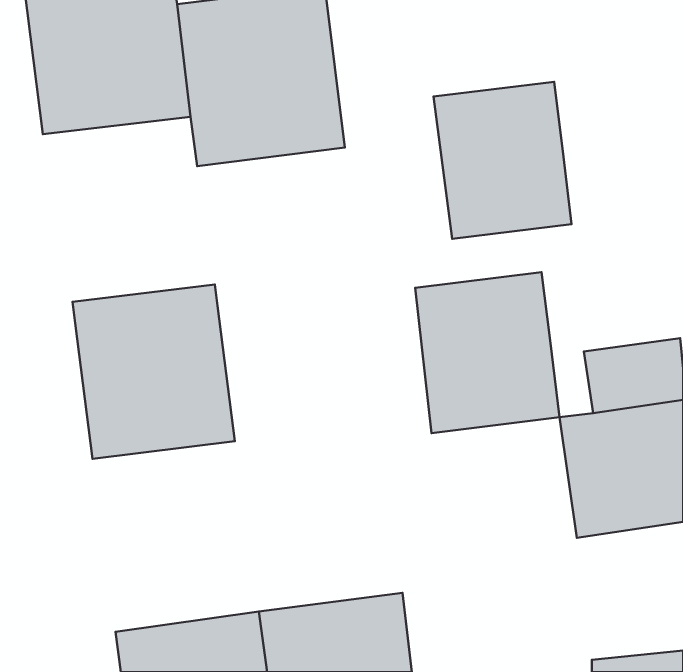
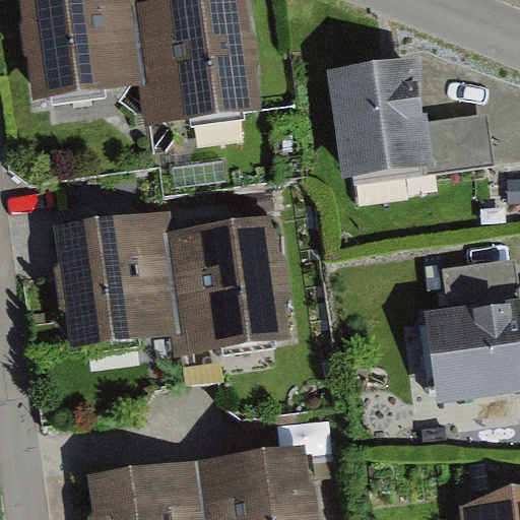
building: none -> [427,111,495,170]
building: [415,272,560,433] -> none
building: none -> [165,217,289,354]

